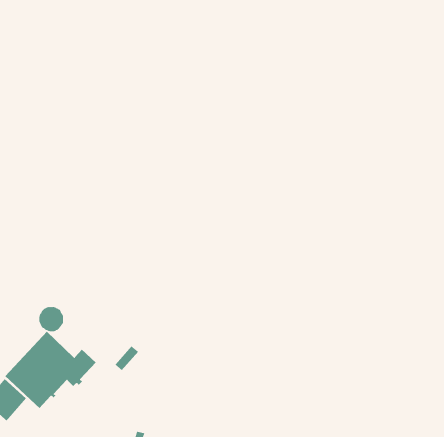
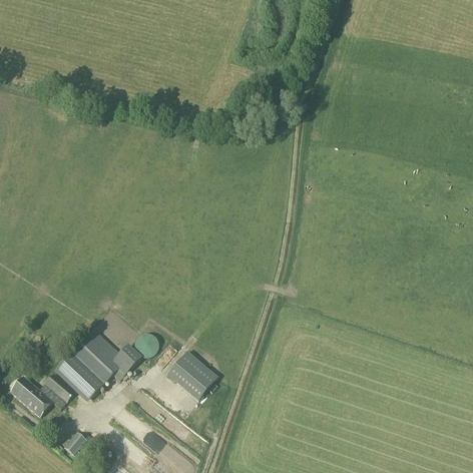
building: [38,307,64,332] -> [133,333,157,357]
building: none -> [166,350,217,400]

